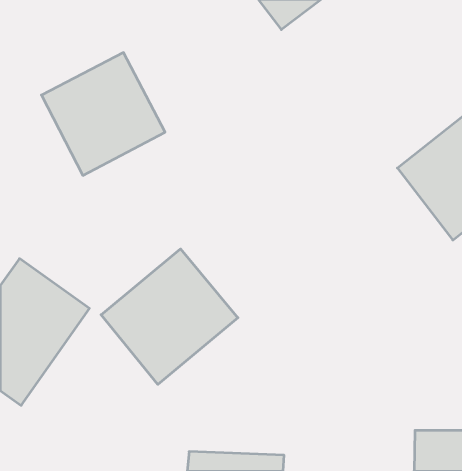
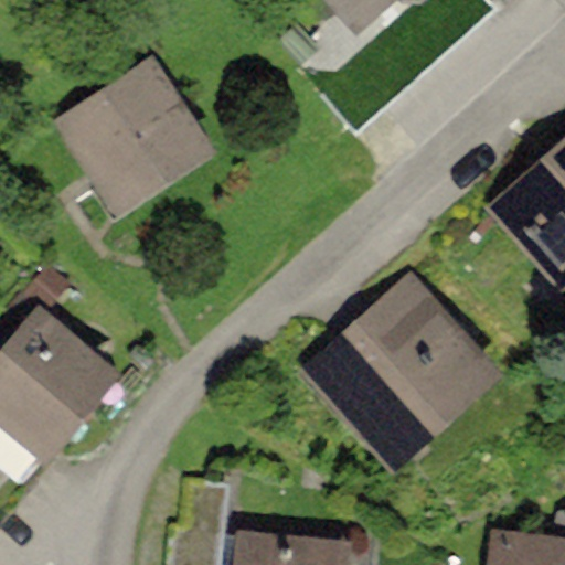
building: none -> [311,277,500,463]
building: [101,249,238,384] -> none

